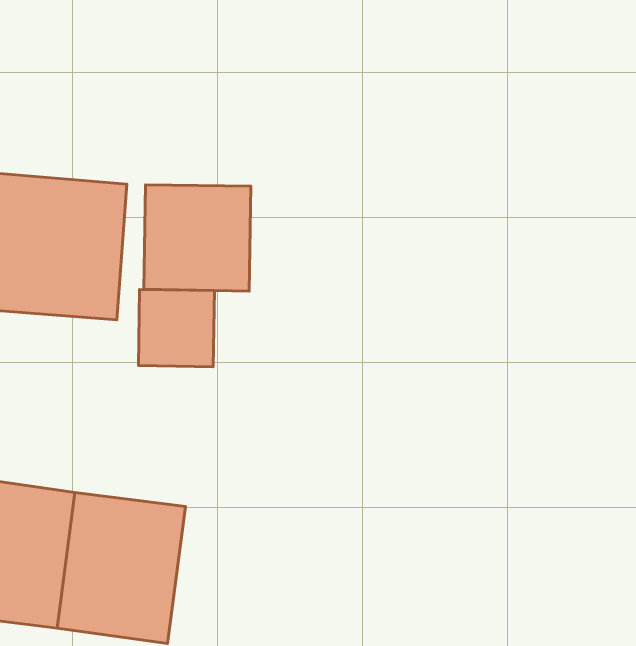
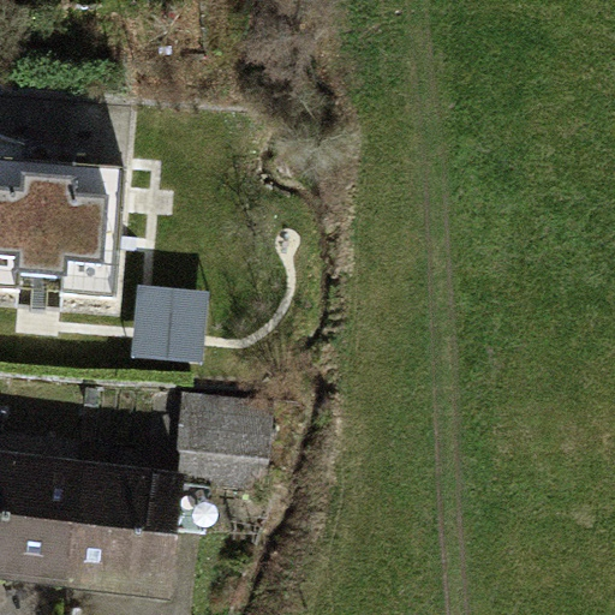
building: [144,185,251,291] -> none
building: none -> [173,389,276,478]

